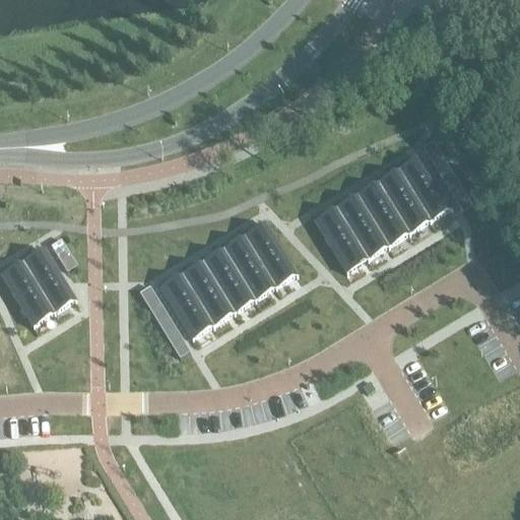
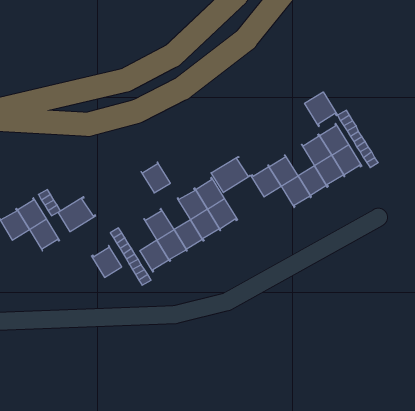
building: none -> [305,92,337,127]
building: [354,180,391,218] -> none
building: none -> [211,157,251,193]
building: [328,232,366,271] -> none
building: none -> [58,197,95,232]
building: [200,247,237,285] -> [141,162,170,193]
building: [157,272,195,312] -> [91,245,122,277]
building: [15,285,53,325] -> none

